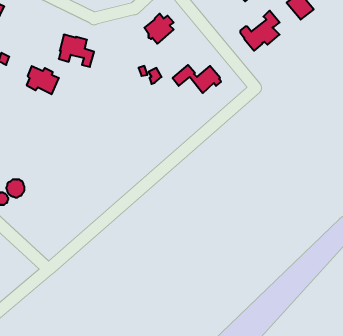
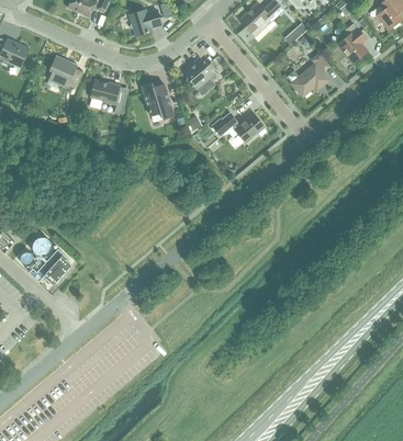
building: none -> [142,82,173,118]
building: [27,66,59,94] -> [48,58,83,89]
building: none -> [37,248,71,284]

